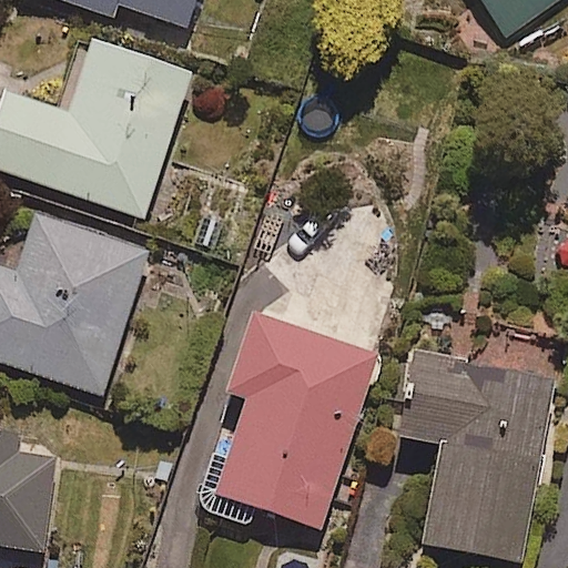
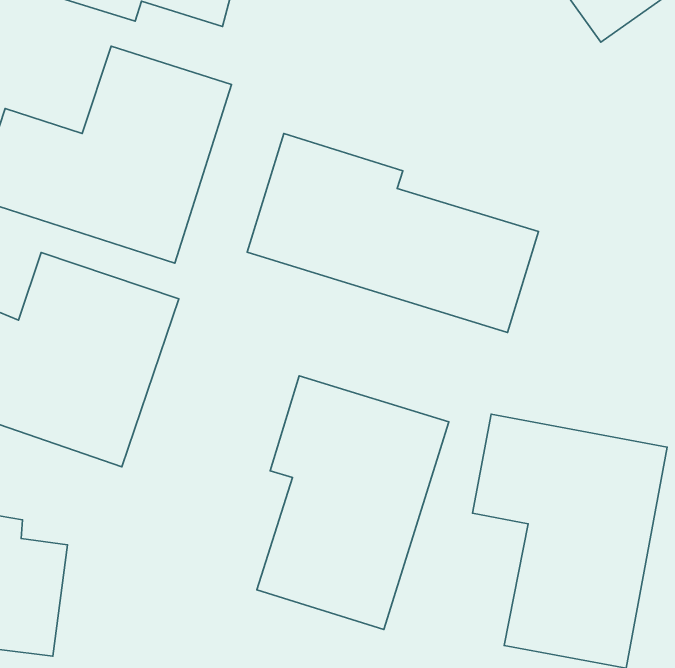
building: none -> [247,134,539,333]

